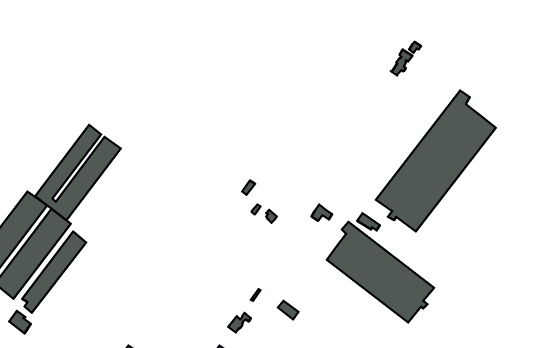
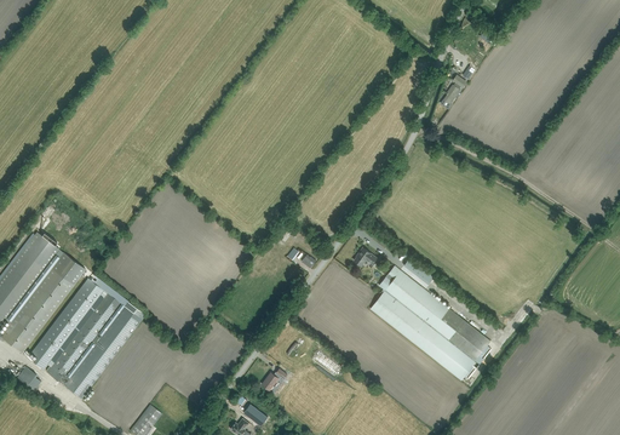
building: [376,91,496,232] -> none
building: [35,125,121,220] -> [46,291,142,397]

